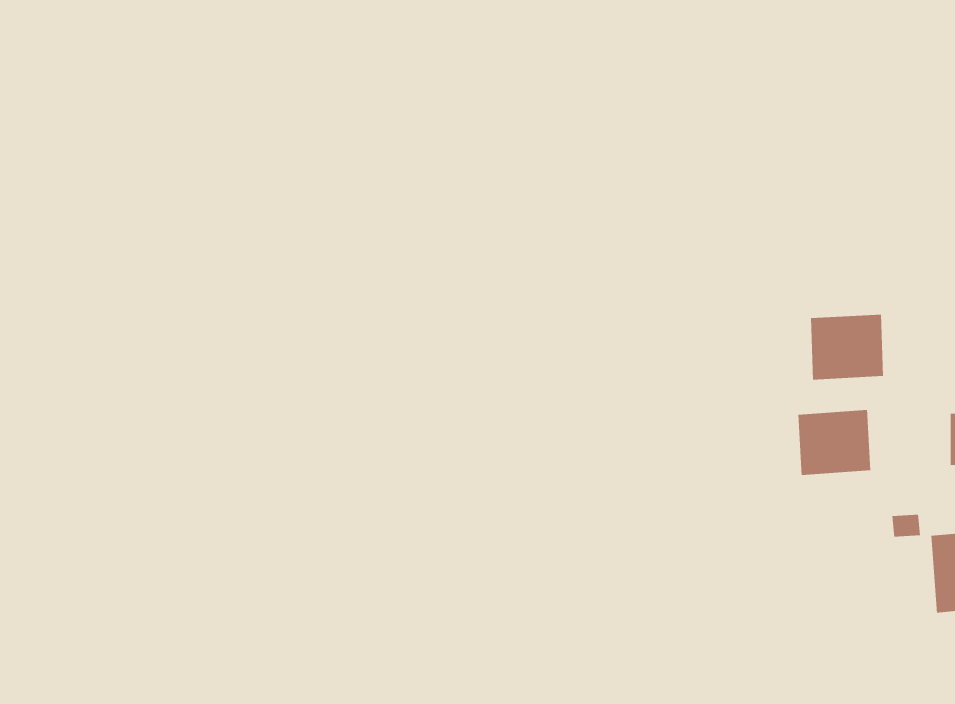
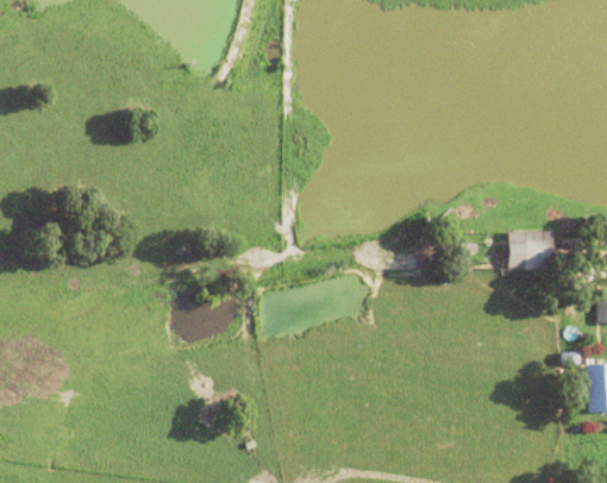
building: [798,409,871,476] -> none

